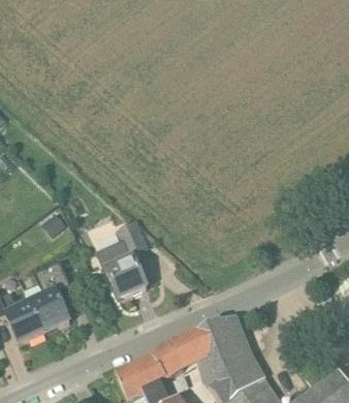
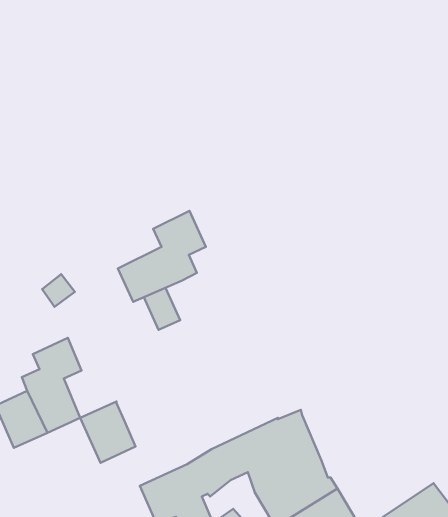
building: none -> [118,211,206,302]
building: [103,252,146,299] -> [80,402,136,463]

